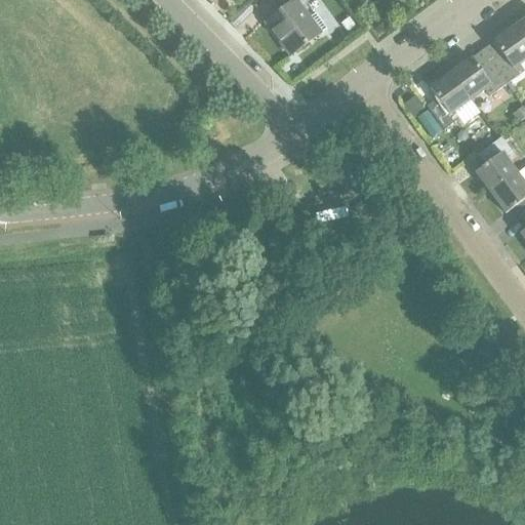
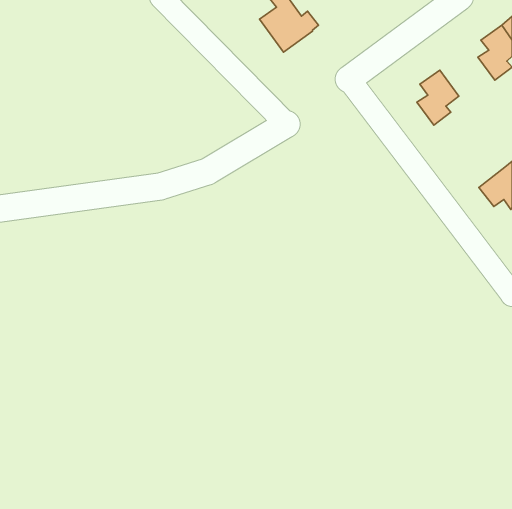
building: [450,56,507,98] -> none
building: [475,135,517,192] -> none

